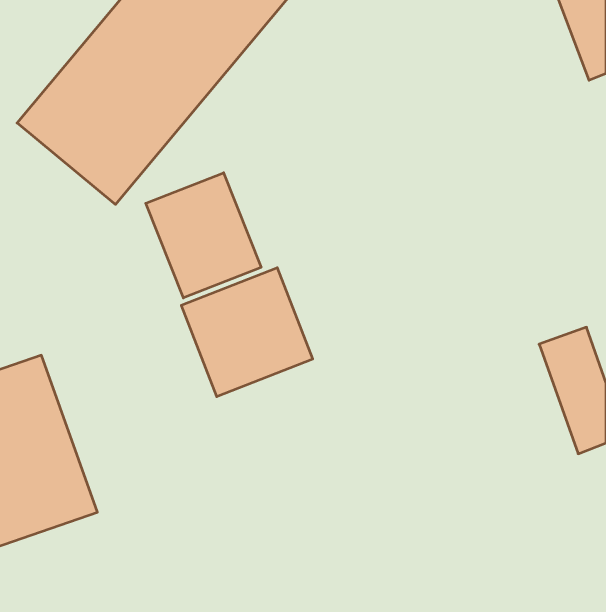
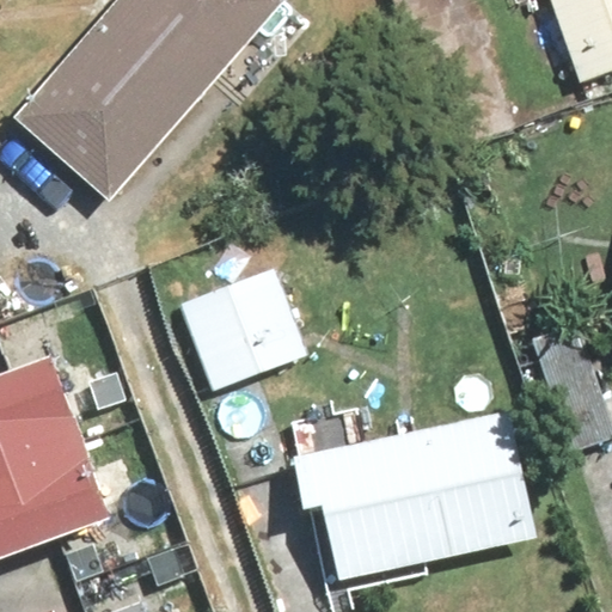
building: [146,173,261,298] -> none
building: none -> [301,411,540,580]

